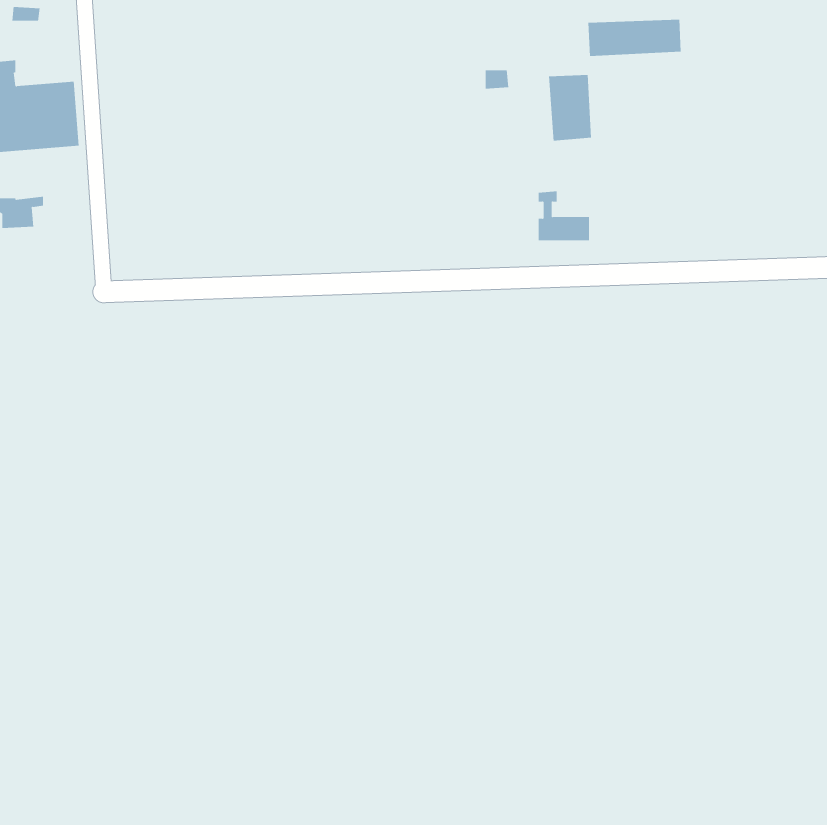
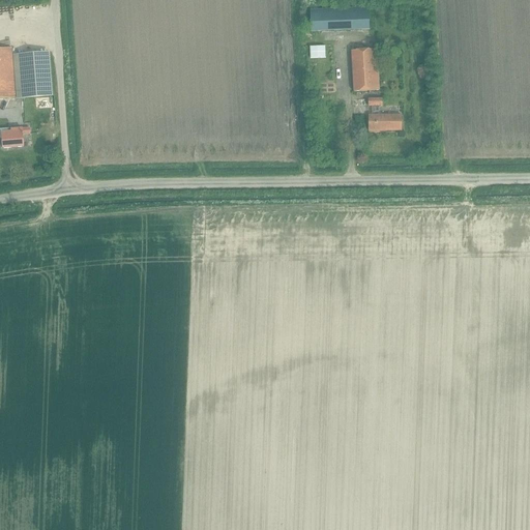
building: [588,19,682,57] -> [308,6,369,30]
building: [538,191,590,241] -> [367,96,401,128]

